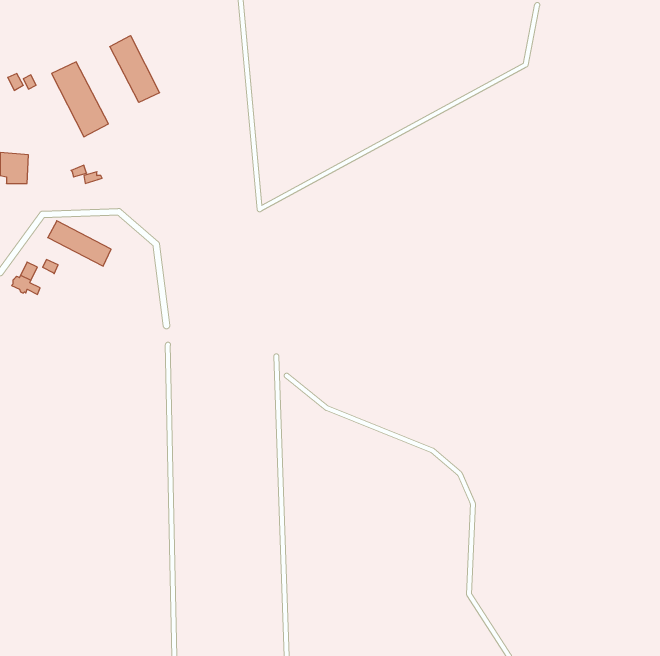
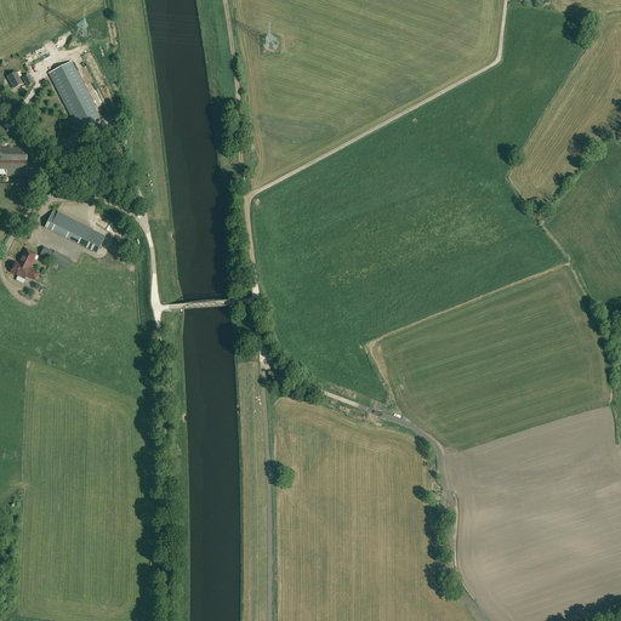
building: [110,36,160,102] -> none

